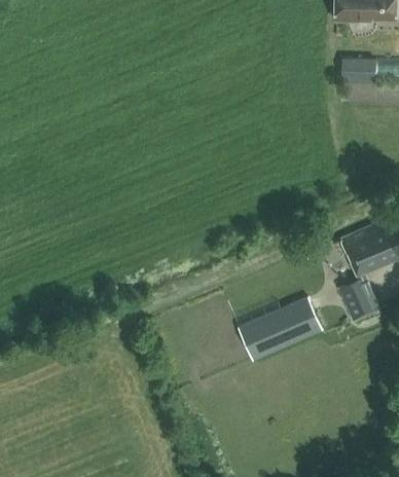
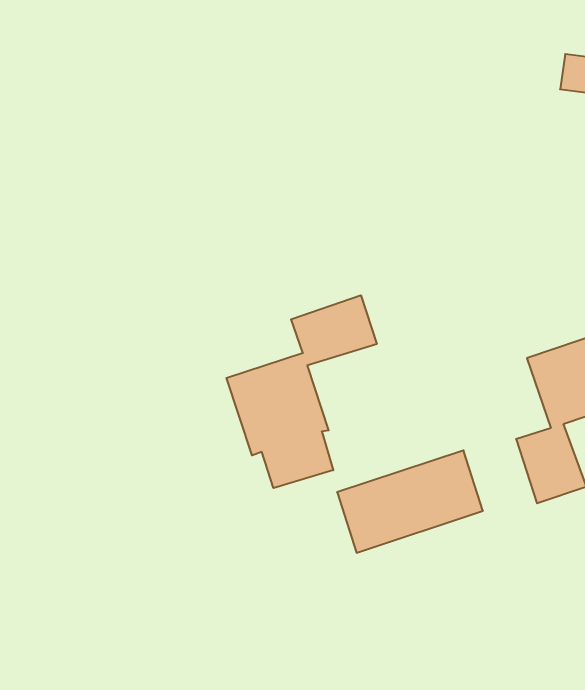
building: none -> [226,295,377,488]

